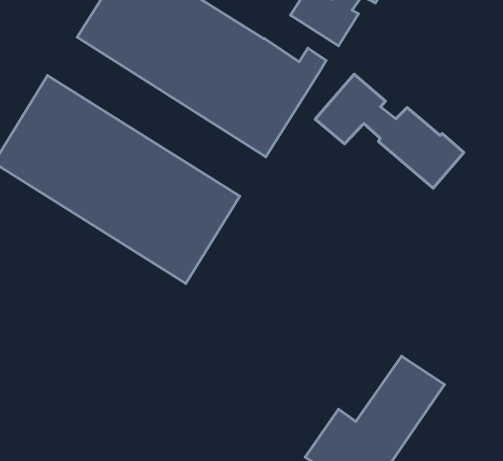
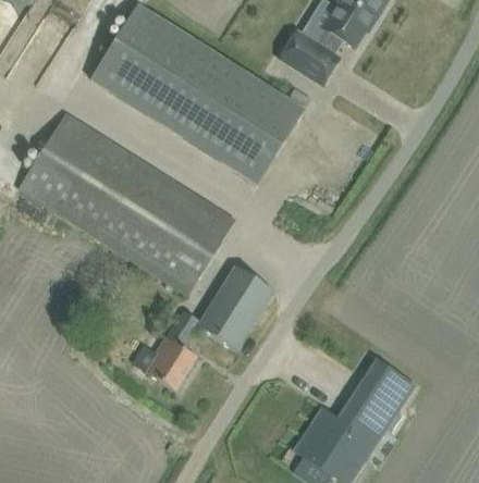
building: [315,74,464,188] -> none
building: none -> [146,265,273,389]

